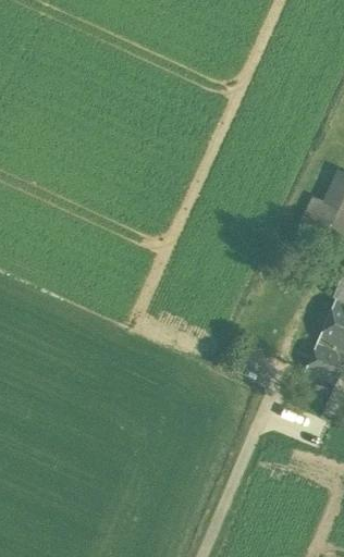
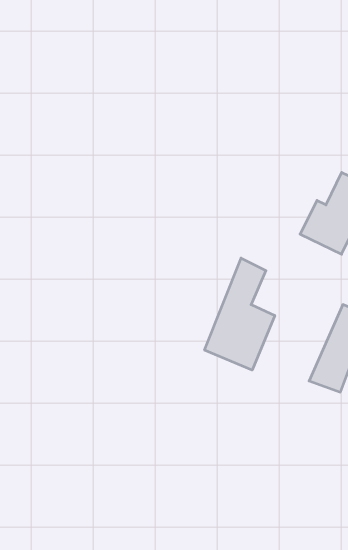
building: none -> [205,258,275,370]

